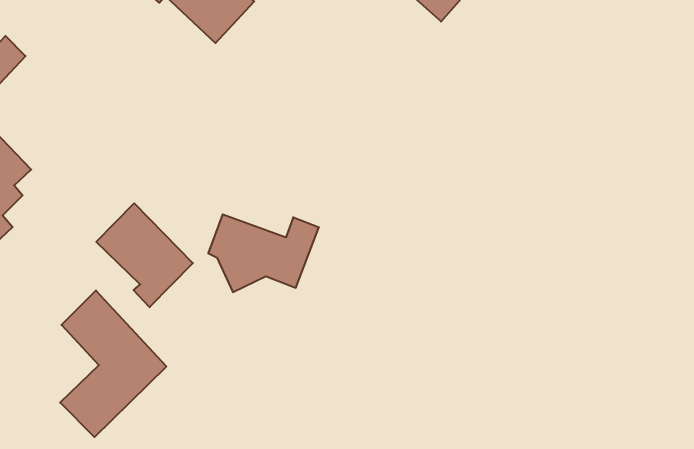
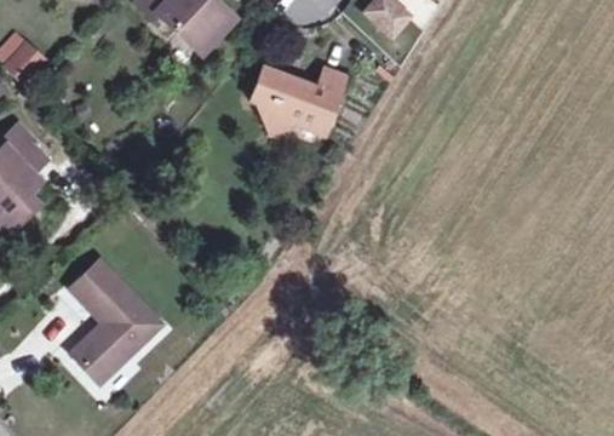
building: [96,203,193,307] -> none
building: [208,214,319,292] -> [252,68,345,133]

